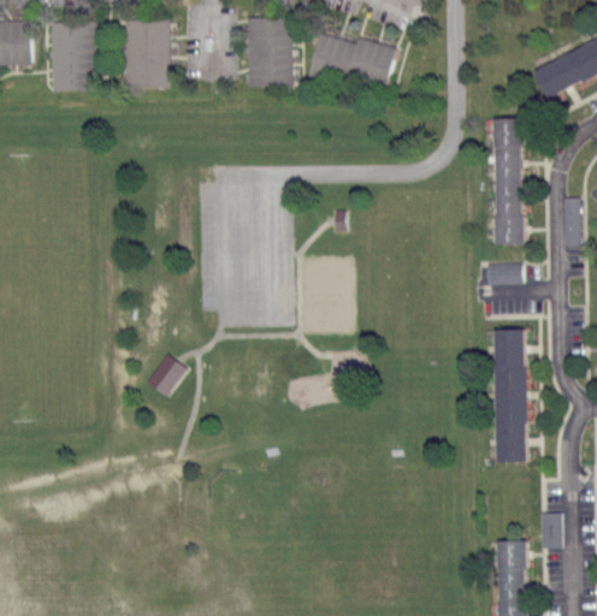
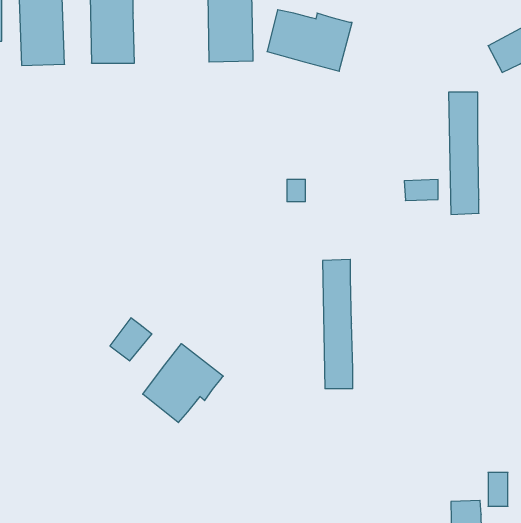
building: [479,262,514,284] -> [404,180,438,201]
building: [495,330,526,463] -> [323,259,353,389]
building: none -> [143,344,223,423]

